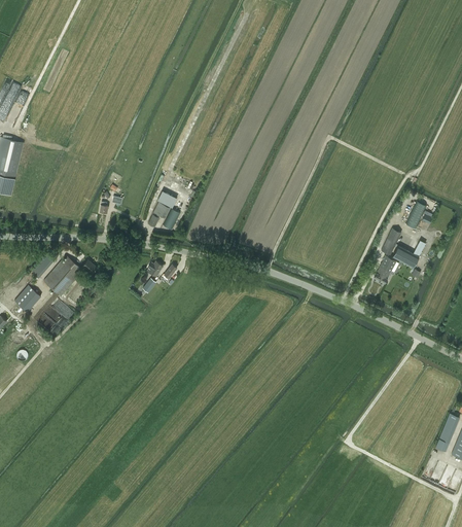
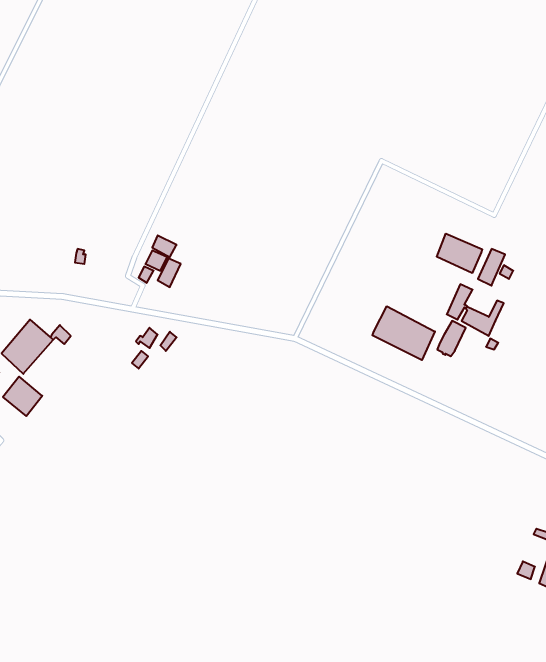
building: none -> [437,234,482,273]
building: none -> [372,306,435,360]

